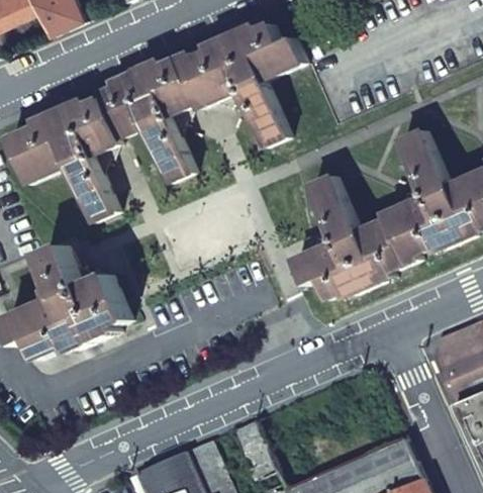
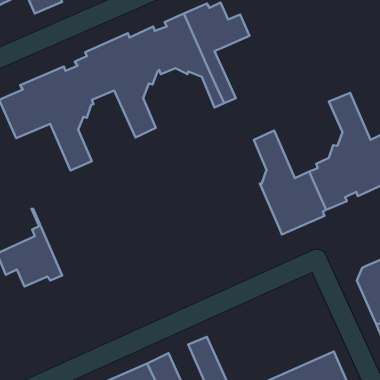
building: [292,235,341,298] -> none
building: [42,244,129,346] -> none

